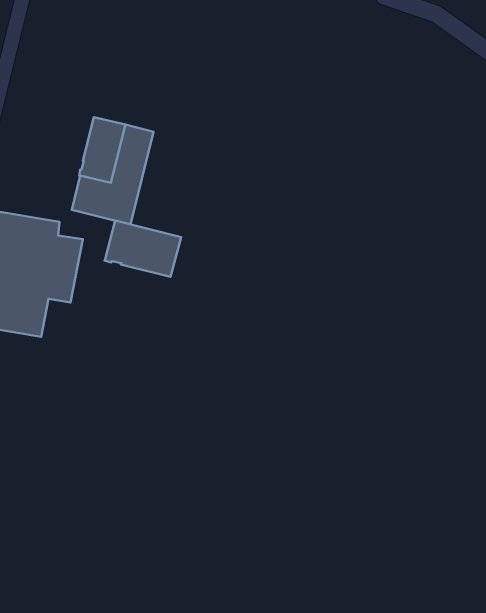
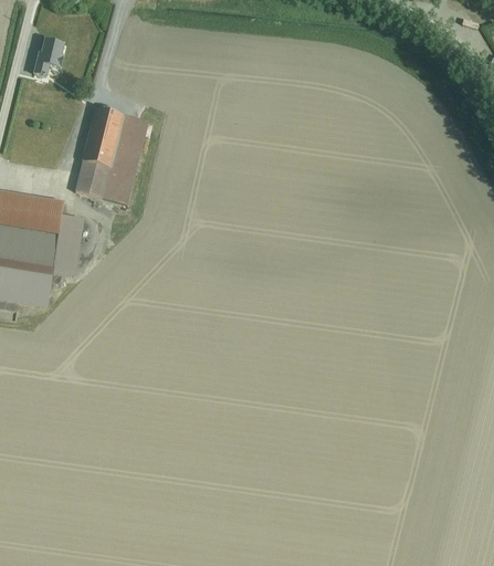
building: none -> [33,38,64,75]
building: [104,221,181,277] -> none

